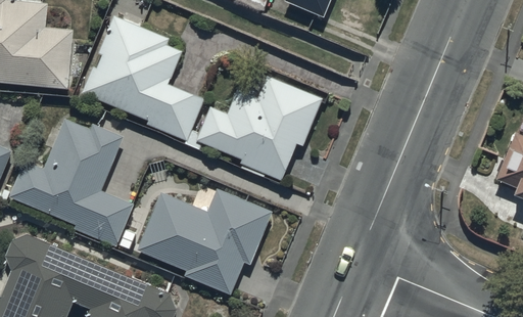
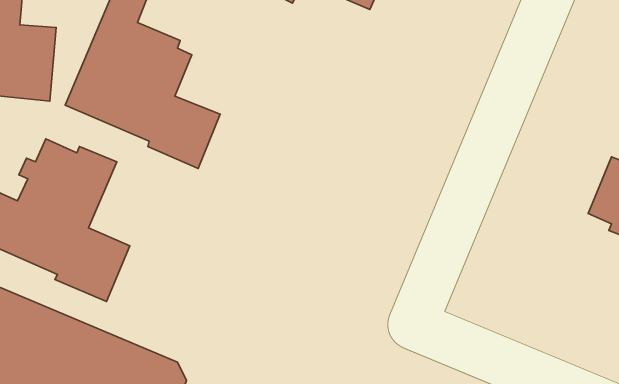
building: [195,76,322,181] -> none
building: [138,190,271,295] -> none

